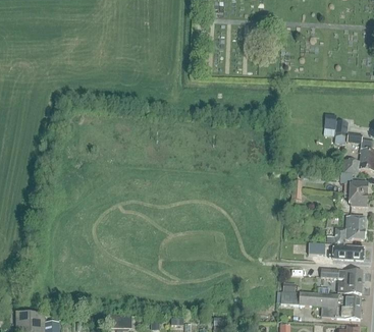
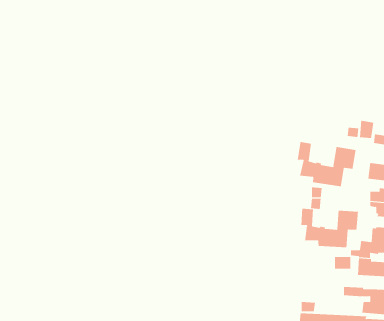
building: none -> [297,141,356,187]
building: none -> [301,208,359,248]

